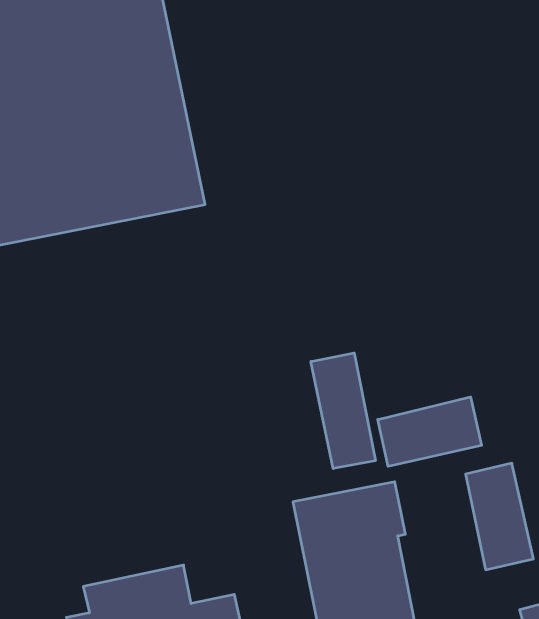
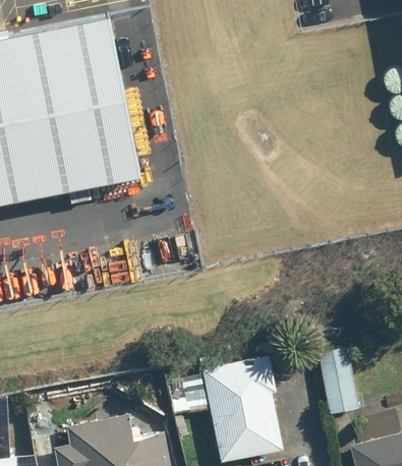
building: [311,353,375,469] -> none
building: [378,397,482,466] -> none

